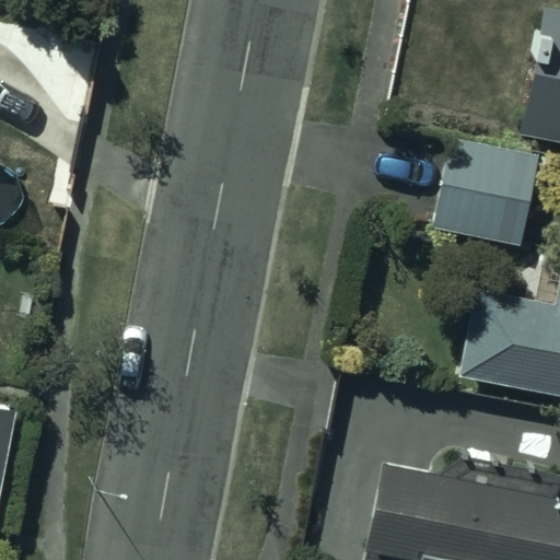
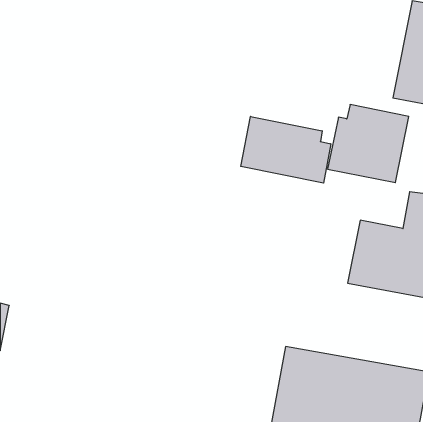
building: none -> [241,116,331,183]

